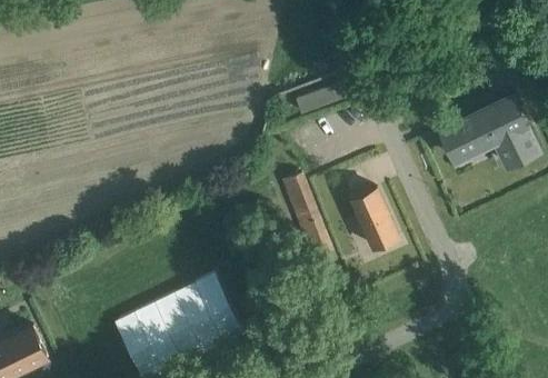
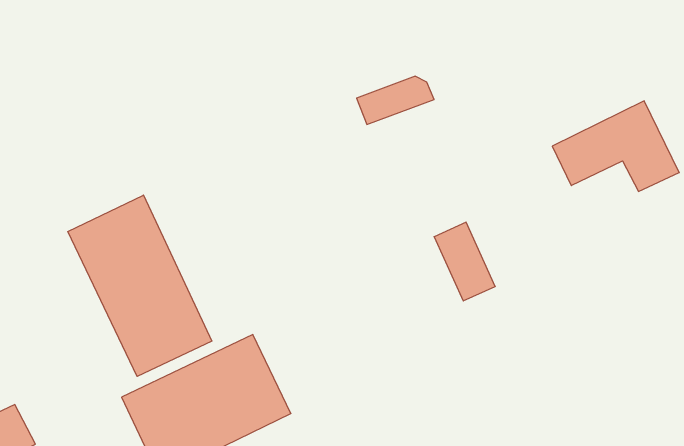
building: none -> [68,195,212,376]
building: [282,173,337,268] -> none

